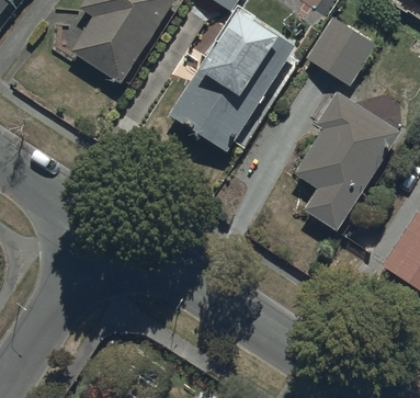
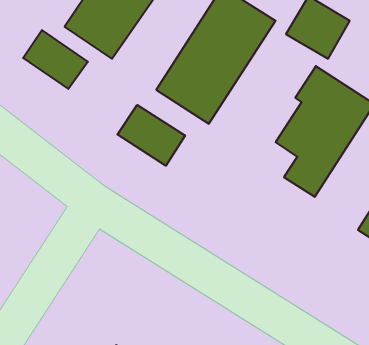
building: none -> [23,30,88,89]
building: none -> [117,105,185,166]

